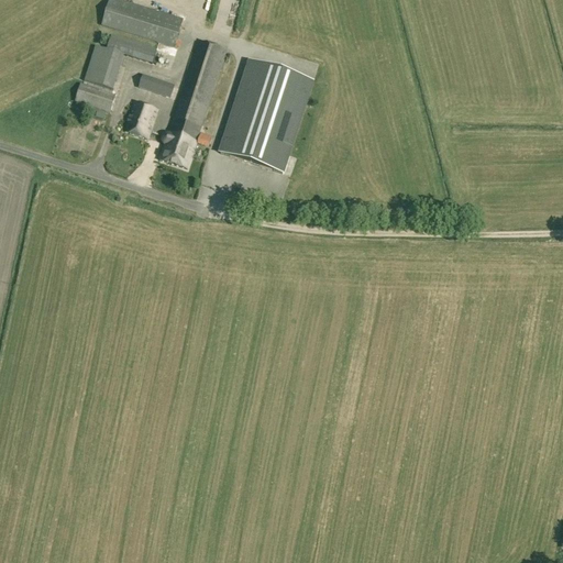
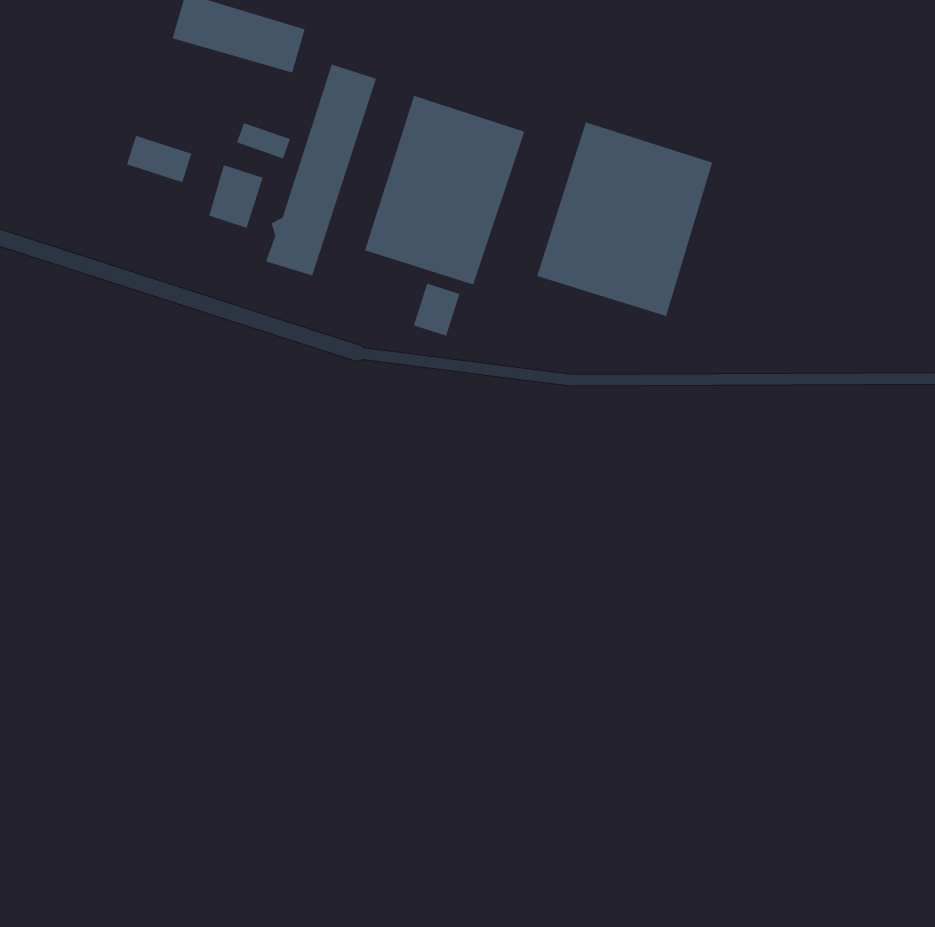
building: [85,32,161,88] -> none
building: none -> [536,122,713,317]
building: none -> [413,283,460,337]

